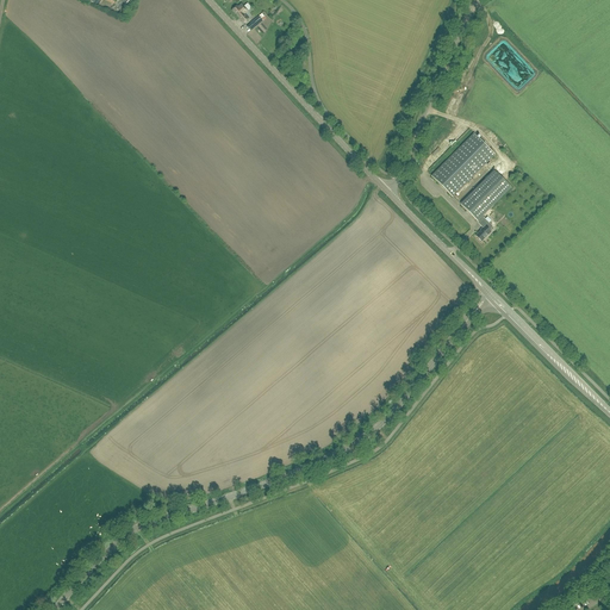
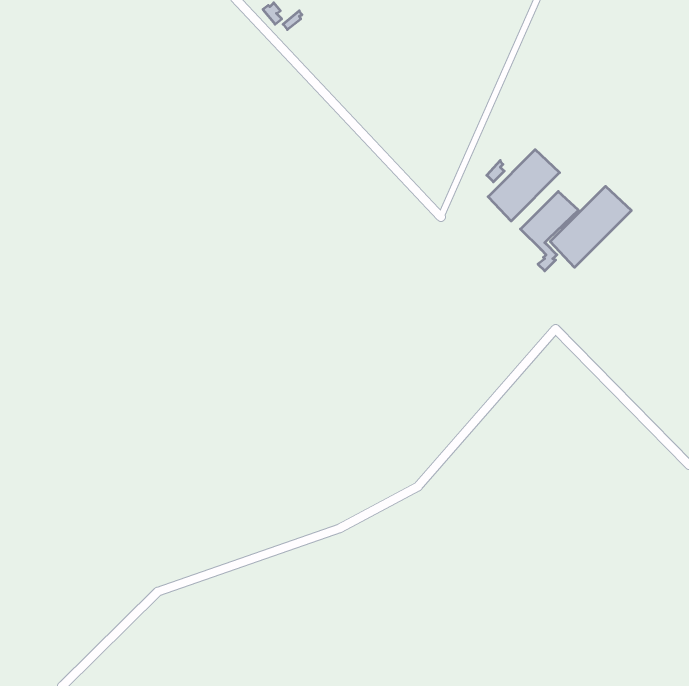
building: none -> [550,186,631,267]

